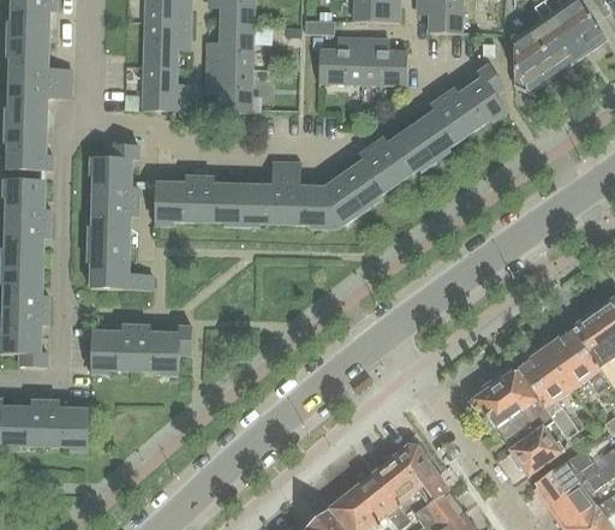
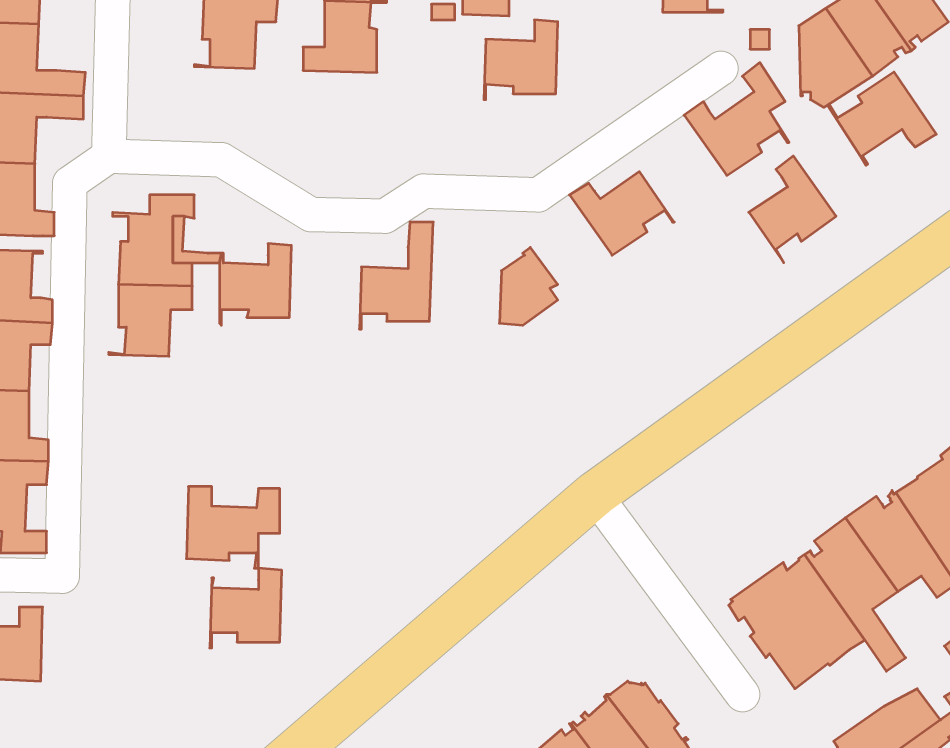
building: [363,37,407,88] -> none
building: [139,65,189,111] -> none
building: [207,67,256,112] -> none
building: none -> [827,72,936,165]
building: [414,95,468,161] -> [749,156,836,263]
building: [347,144,398,200] -> none
building: [285,161,329,224] -> none
building: [198,175,243,227] -> none
building: [86,243,153,288] -> none
building: [91,323,136,373] -> [210,568,282,648]
building: [44,399,89,451] -> none
building: [507,425,567,475] -> none

